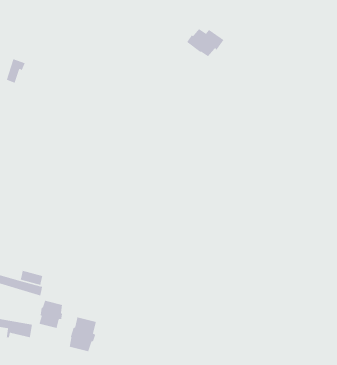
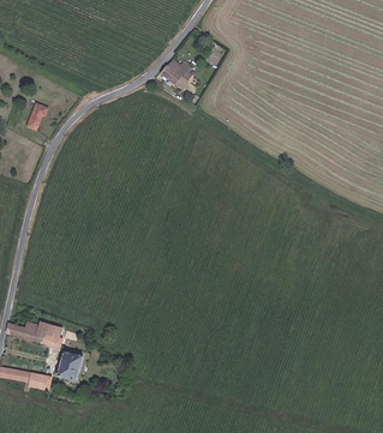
building: [186,28,224,57] -> [162,58,202,88]
building: [69,317,97,352] -> none

